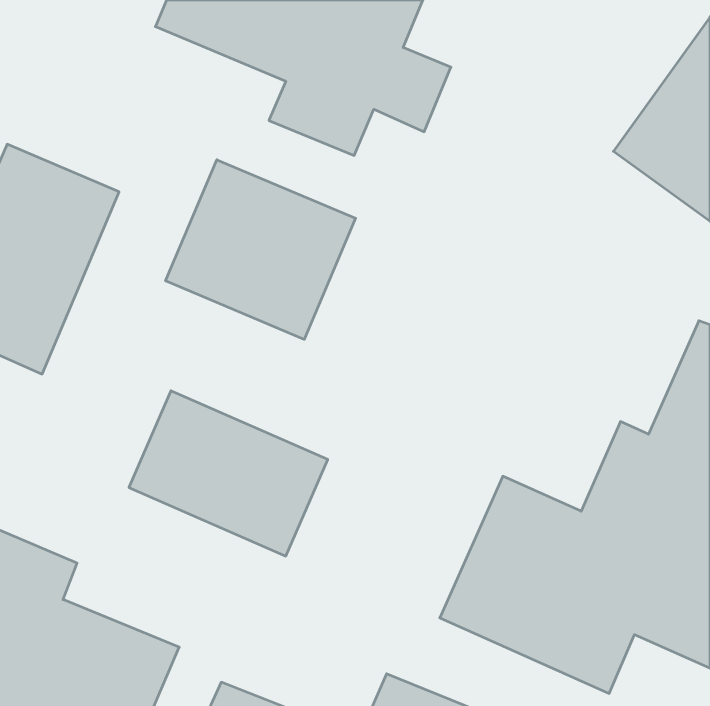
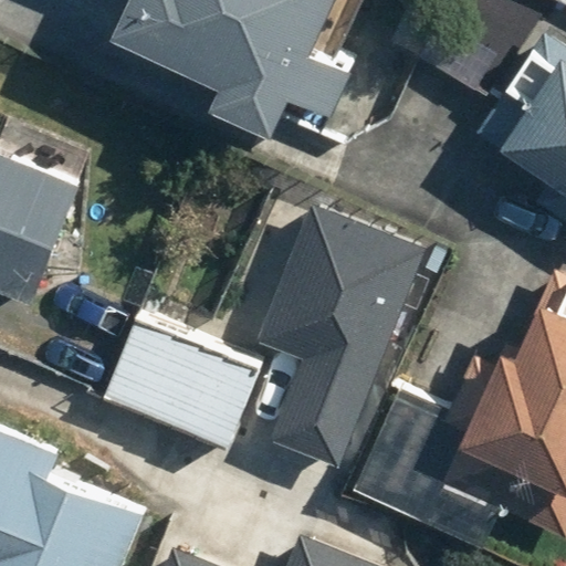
building: [166,160,356,339] -> none
building: none -> [262,203,436,462]

